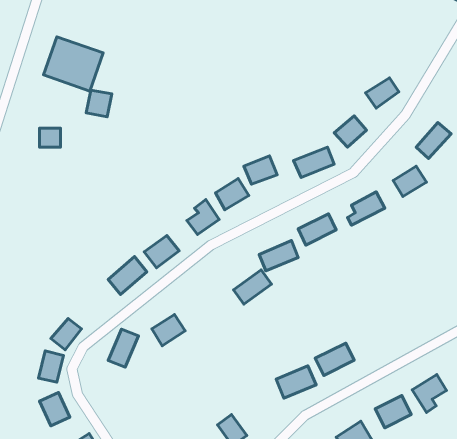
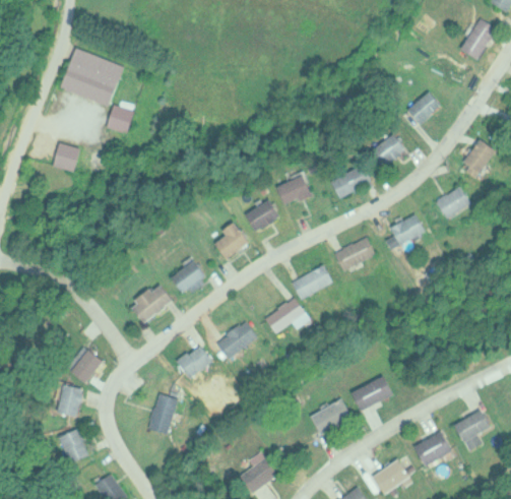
building: none -> [461,17,495,59]
building: none -> [215,322,256,357]
building: [108,329,138,367] -> [147,392,180,433]

